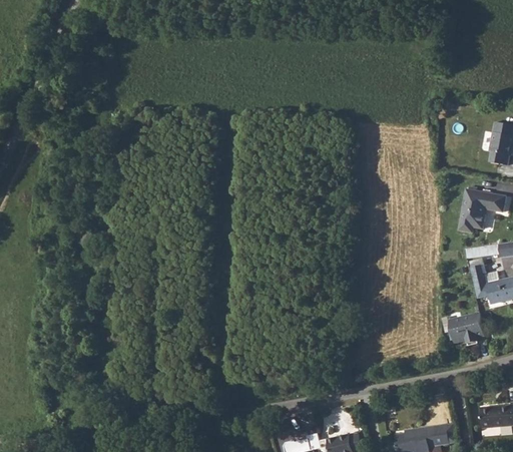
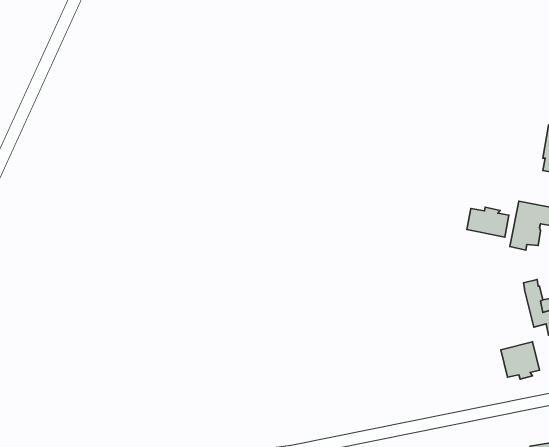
building: none -> [467,207,509,237]

